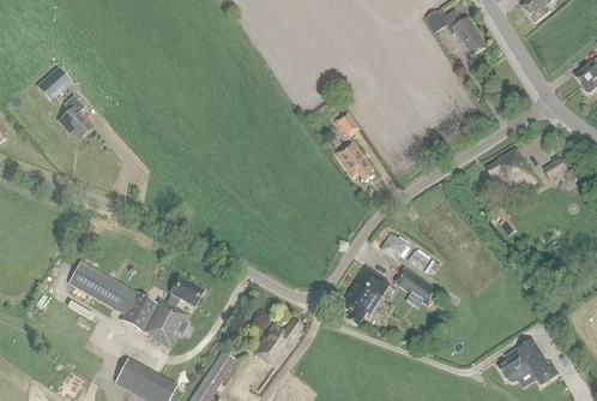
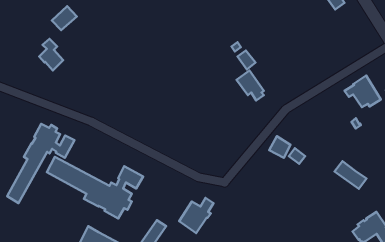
building: [36,66,71,100] -> [52,6,77,30]
building: none -> [7,124,74,203]
building: [342,265,390,324] -> none
building: [394,267,439,305] -> [335,161,366,189]

